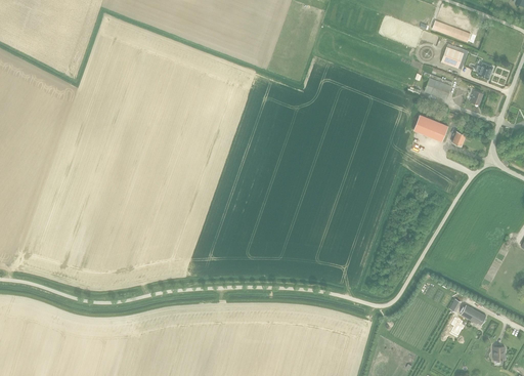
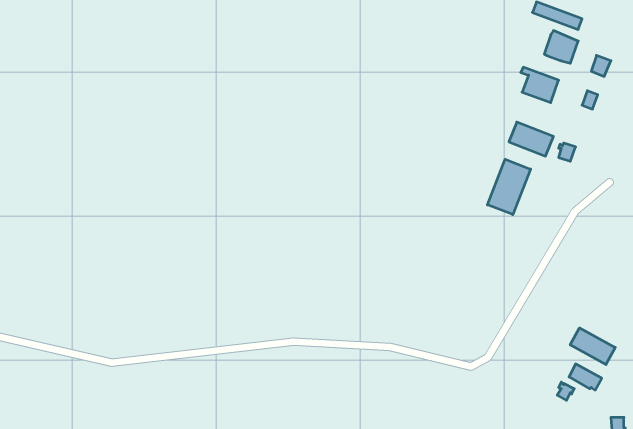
building: none -> [487,159,531,215]
building: none -> [570,328,615,365]

